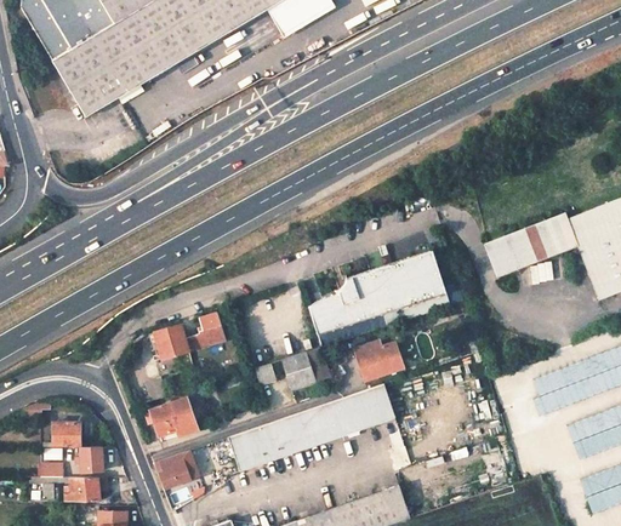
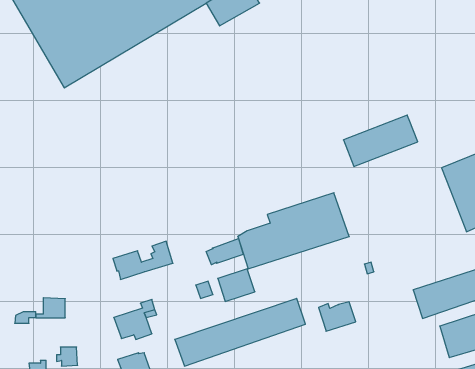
building: [483,212,577,278] -> [343,115,418,167]
building: none -> [206,239,243,265]
building: [355,342,403,379] -> [319,302,356,331]
building: [44,421,81,446] -> [36,298,65,318]

